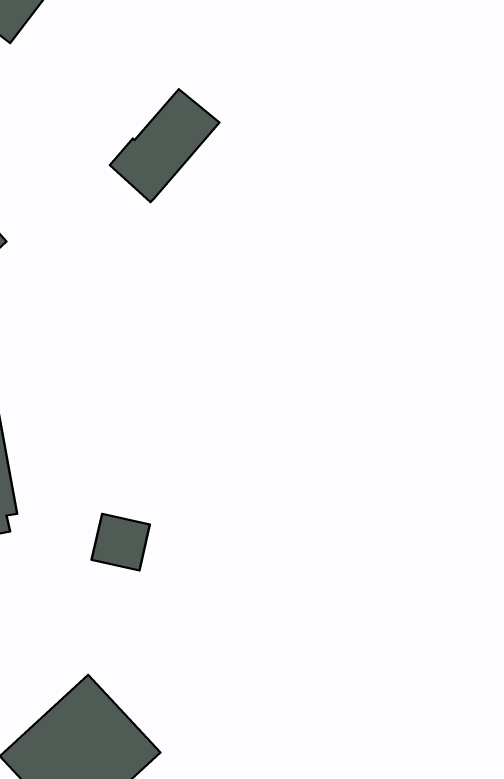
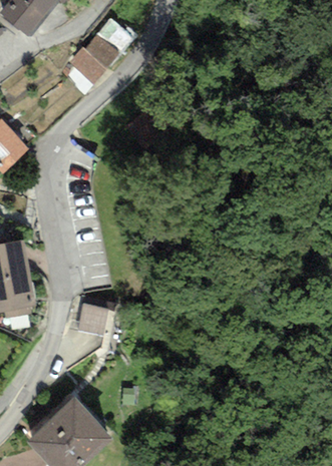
building: [110,89,219,202] -> [68,18,130,82]

